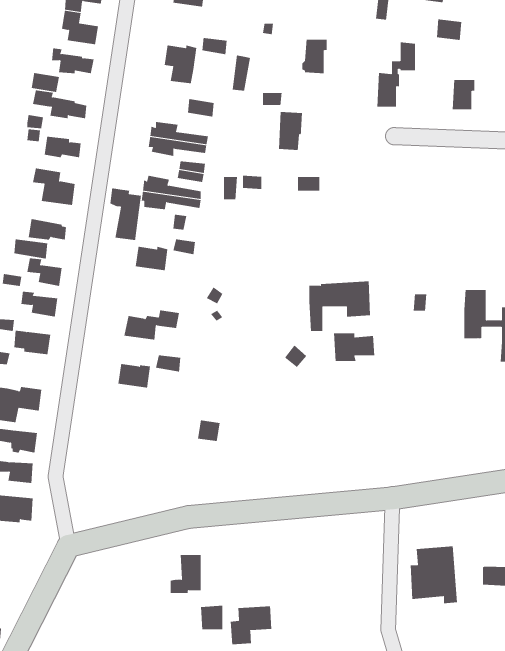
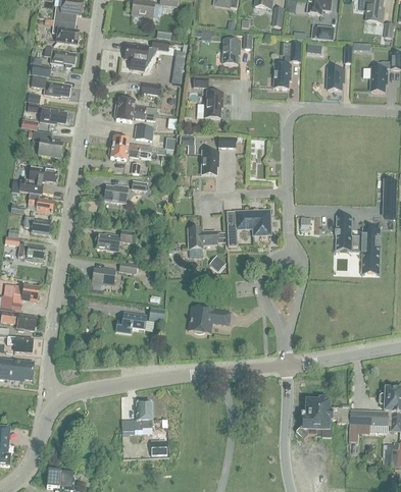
building: [110,188,142,241] -> none
building: none -> [201,150,218,174]
building: [333,333,375,362] -> [187,227,216,248]
building: none -> [188,306,230,332]
building: none -> [115,312,146,332]
building: [230,605,272,645] -> none

